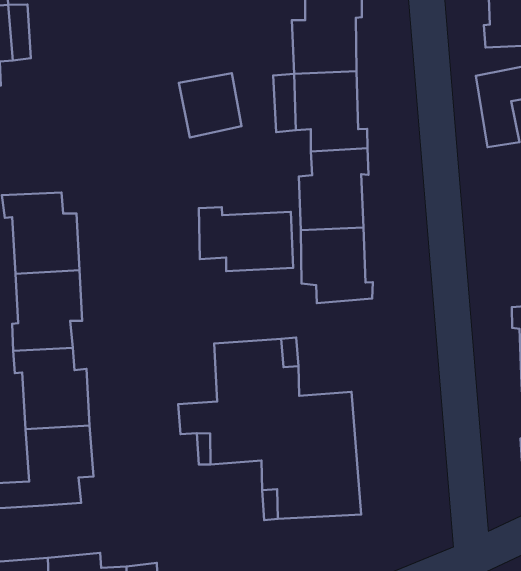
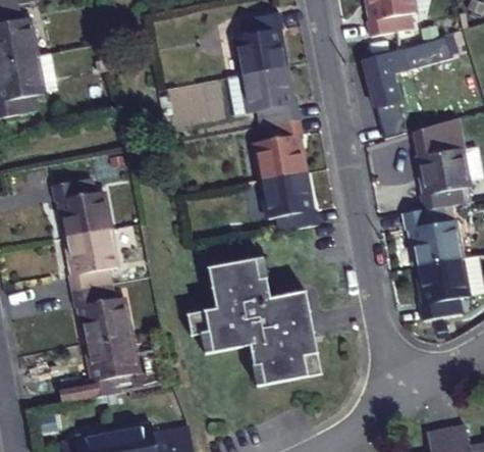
building: [199,207,293,271] -> none

